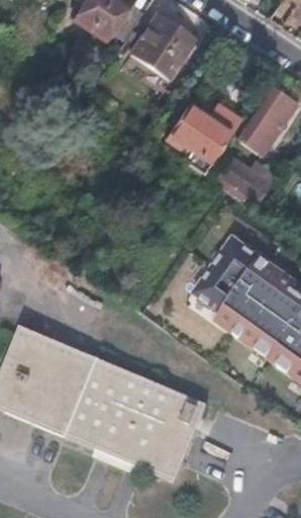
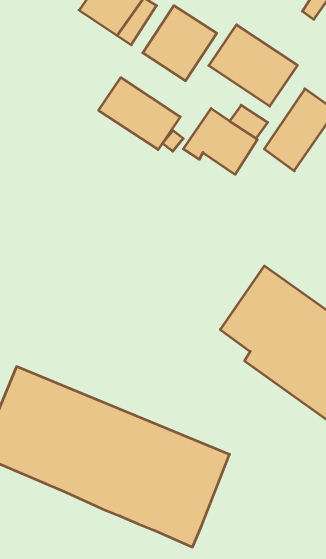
building: none -> [209,25,297,106]
building: none -> [99,78,180,150]
building: [218,158,272,199] -> none

